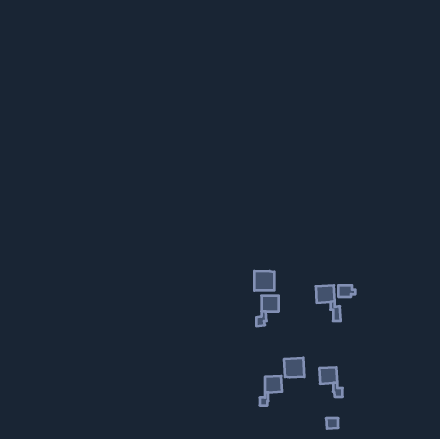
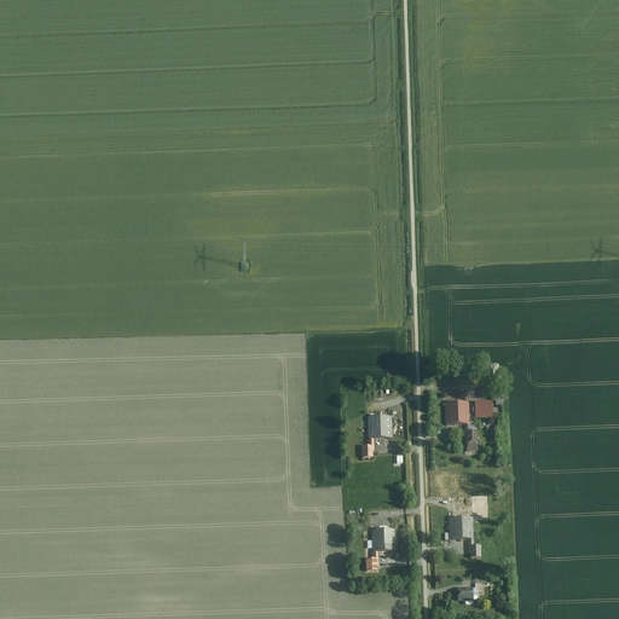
building: [254,271,274,291] -> none
building: [284,358,304,377] -> none

